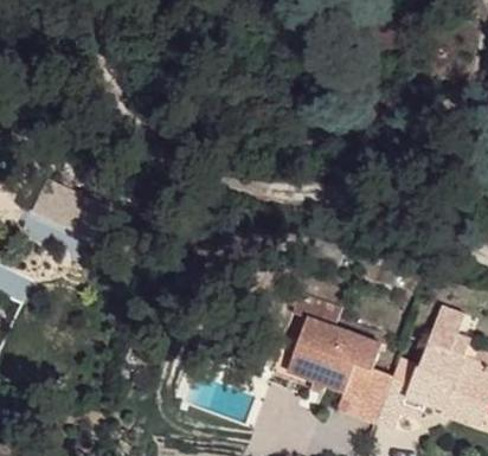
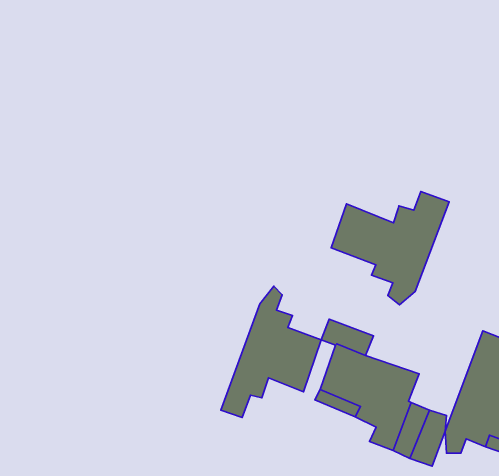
building: none -> [331,192,449,305]
building: none -> [221,286,321,417]

